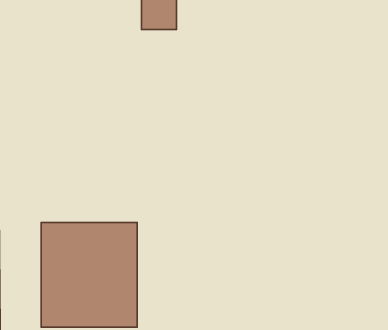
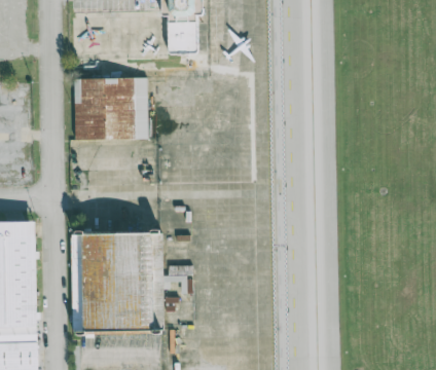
building: none -> [77,75,150,140]

